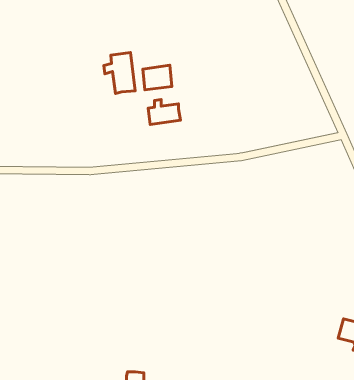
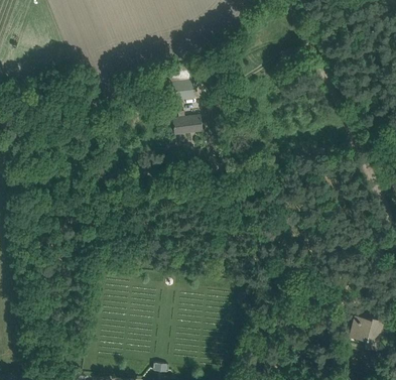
building: [104,53,135,93] -> none

